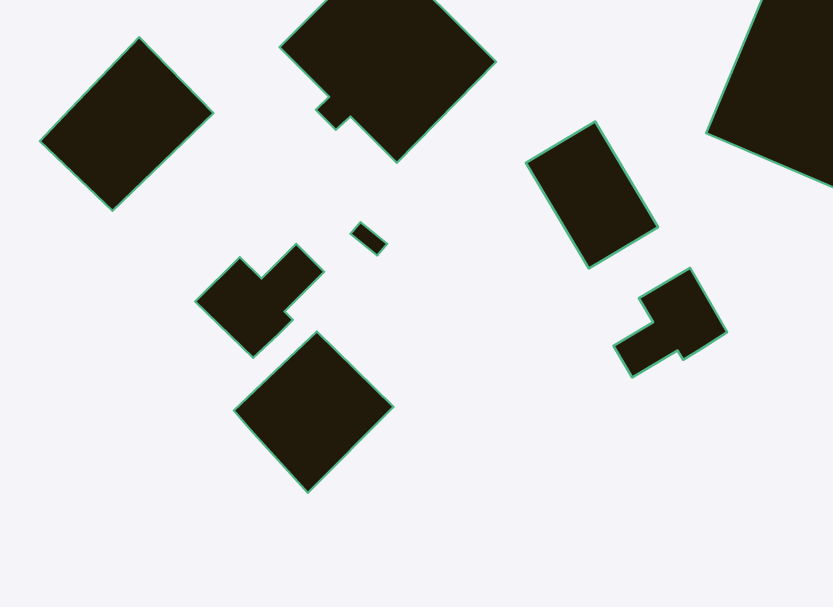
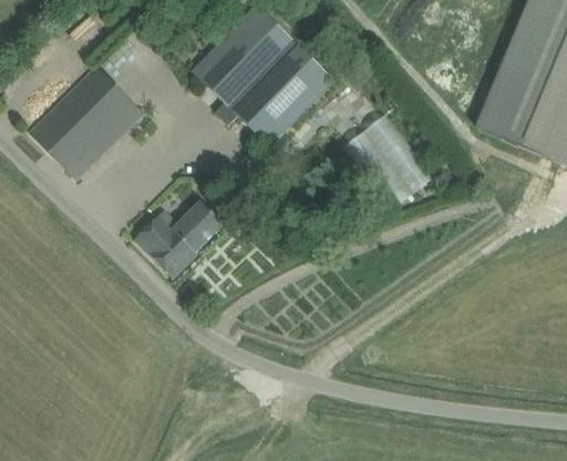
building: [613,268,727,377] -> none
building: [234,331,394,493] -> none

